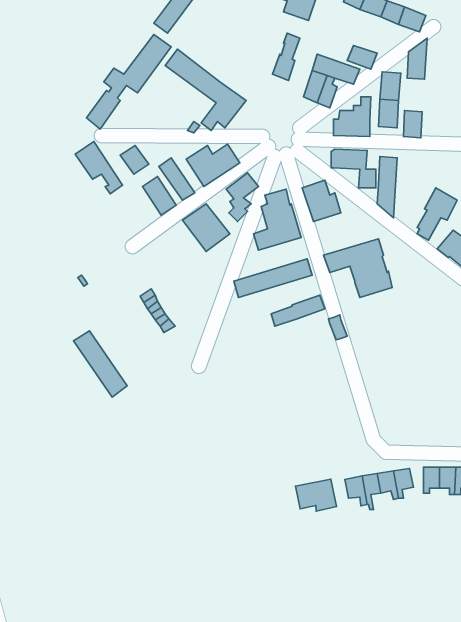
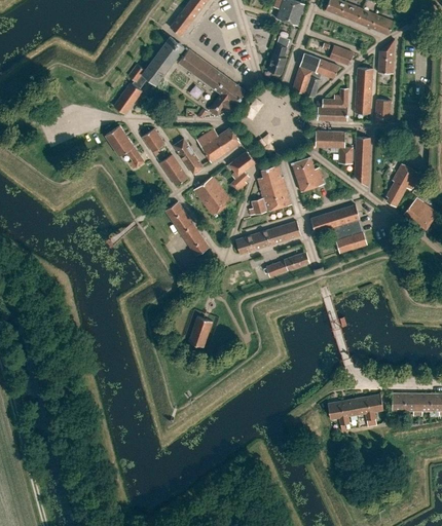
building: [73,331,127,397] -> [164,201,209,256]
building: none -> [188,316,213,347]
building: [296,479,337,511] -> none

